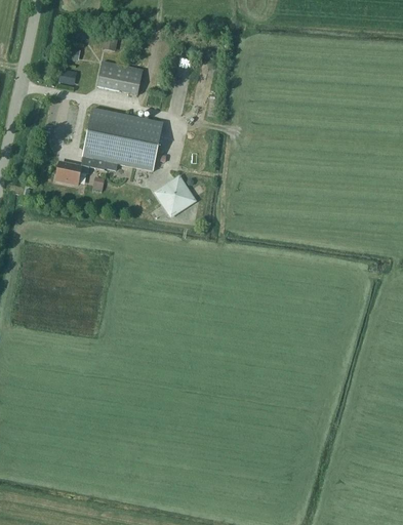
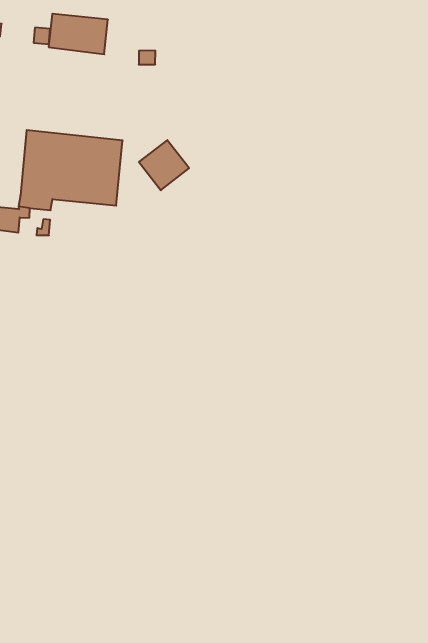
building: [96,62,143,95] -> [49,14,108,54]
building: [156,178,193,215] -> [139,140,189,190]

